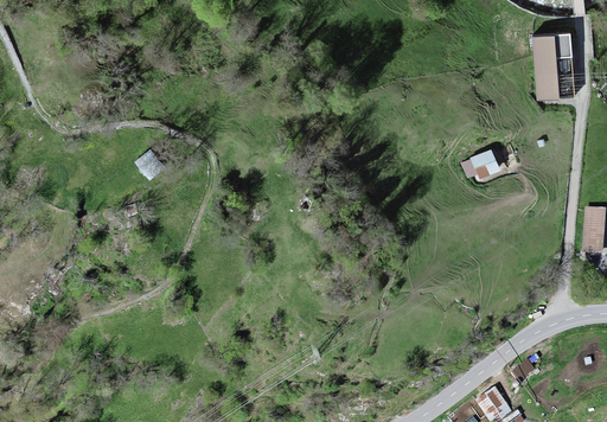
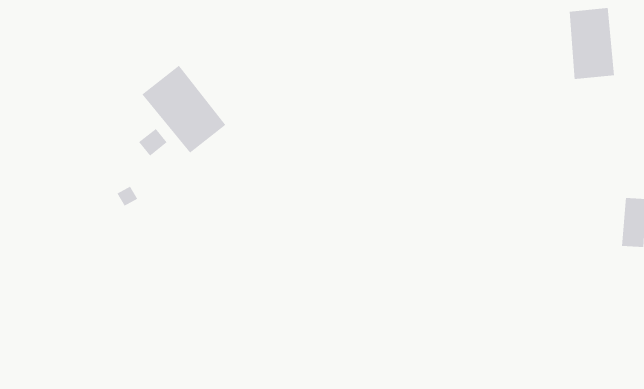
building: none -> [142,65,226,153]
building: [469,148,500,178] -> none

